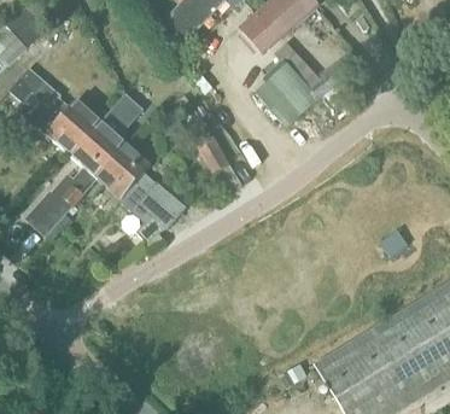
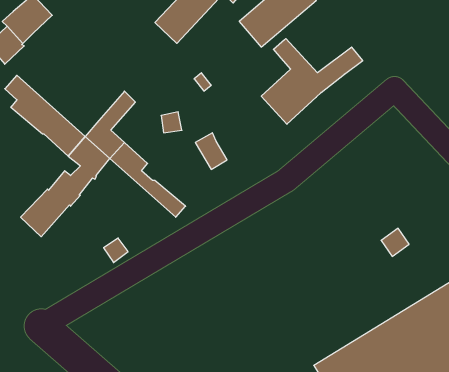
building: [21,68,101,138] -> none
building: [98,159,177,246] -> none

